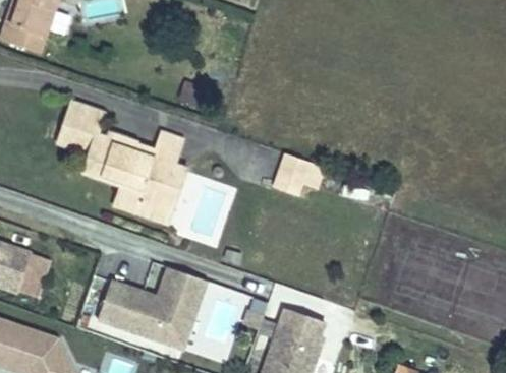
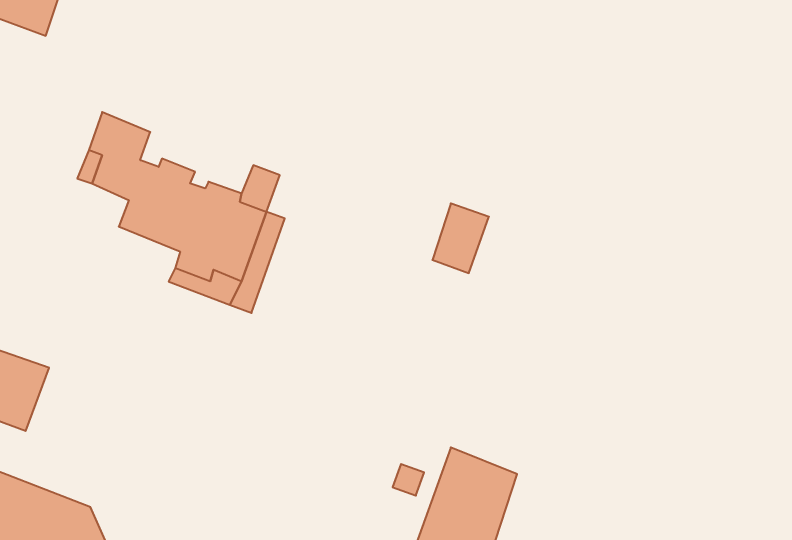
building: [101,270,210,352] -> none

